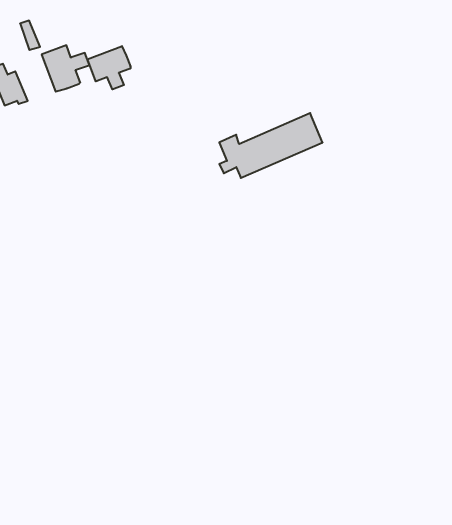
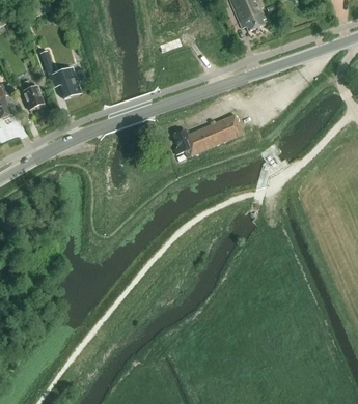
building: [87,46,130,89] -> none

